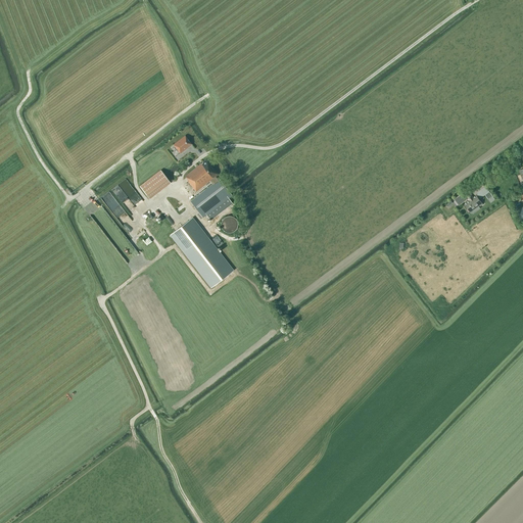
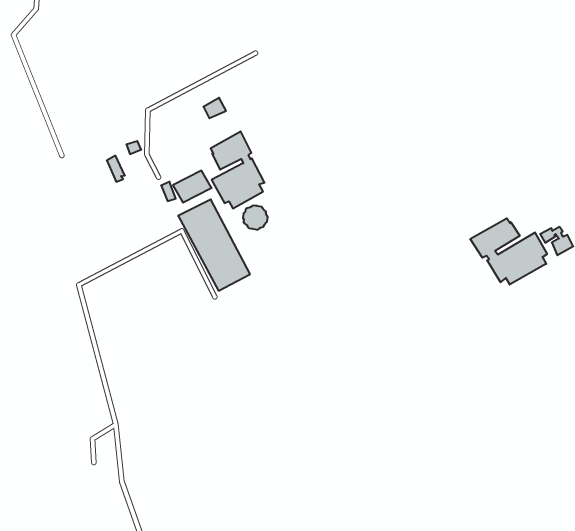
building: [139,170,170,197] -> [173,171,212,203]
building: none -> [470,218,547,285]

